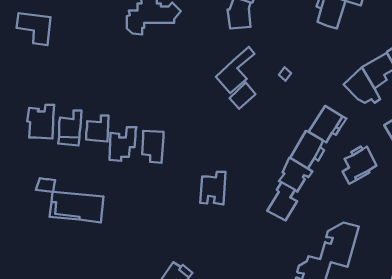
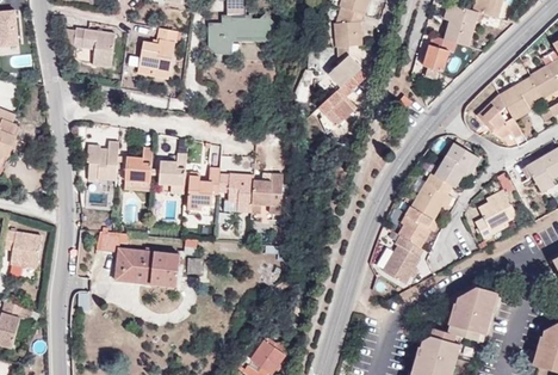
building: none -> [137,27,178,79]
building: none -> [422,35,455,72]
building: [230,83,256,109] -> [328,54,360,86]
building: [200,172,225,205] -> [252,174,283,215]

